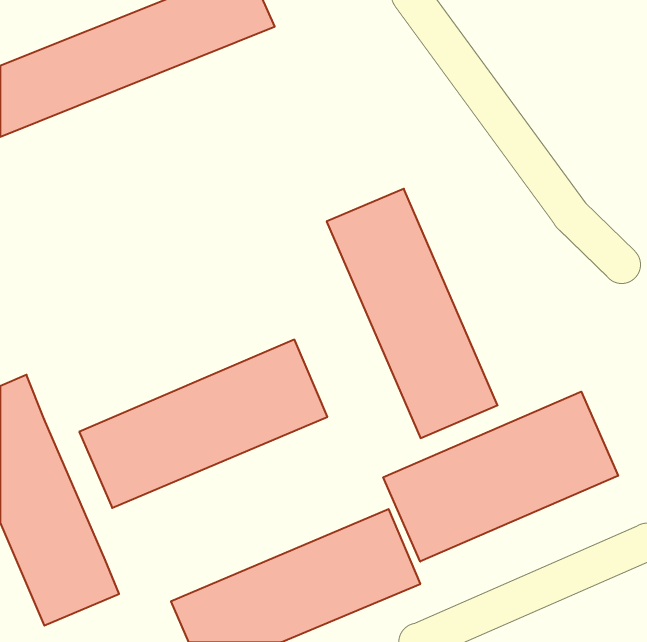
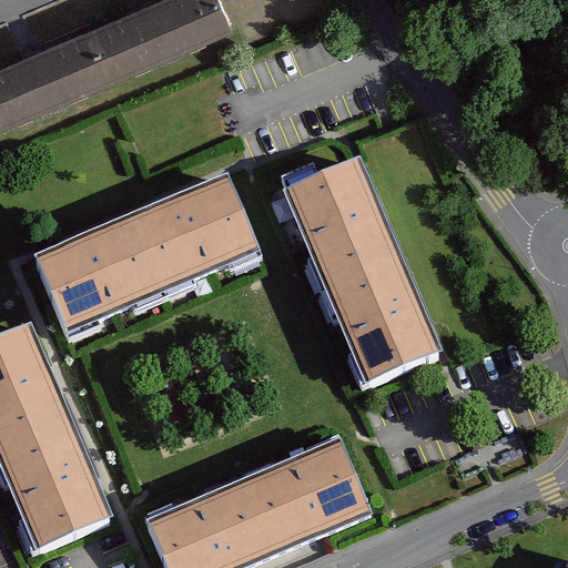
building: [79,340,327,508] -> [38,182,255,329]
building: [383,392,618,562] -> none

